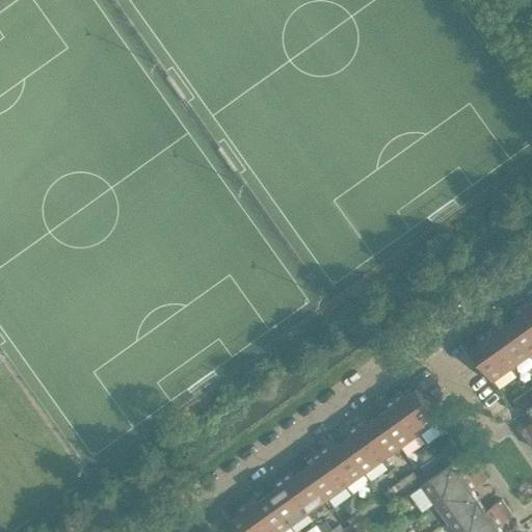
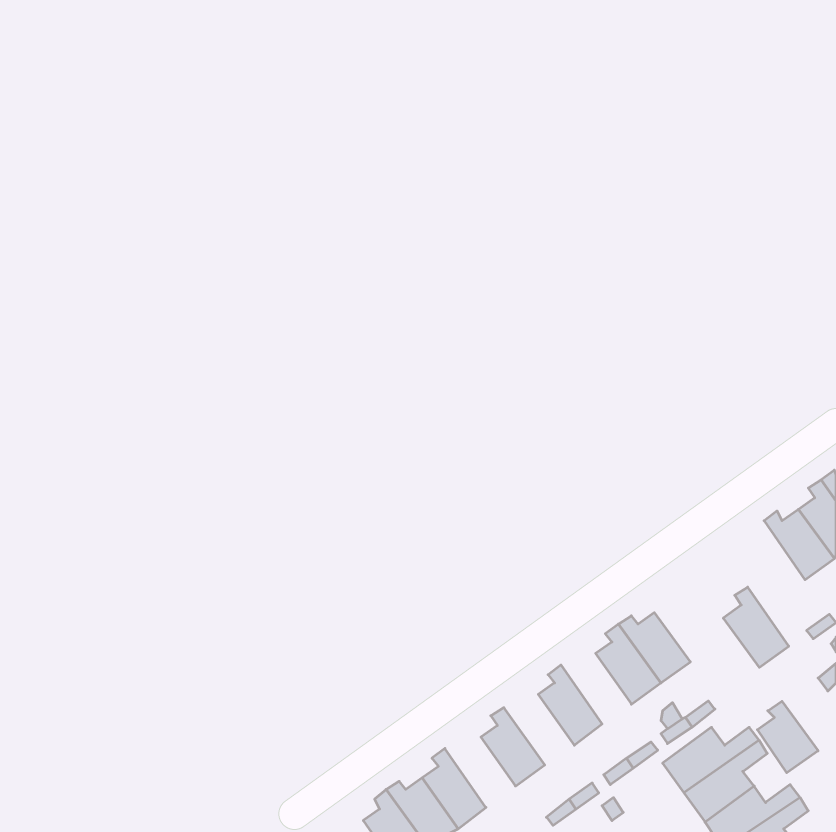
building: [470,334,511,384] -> [723,587,789,667]
building: [356,418,401,462] -> none
building: [320,444,365,488] -> none
building: none -> [757,701,818,773]
building: [283,471,327,515] -> none

